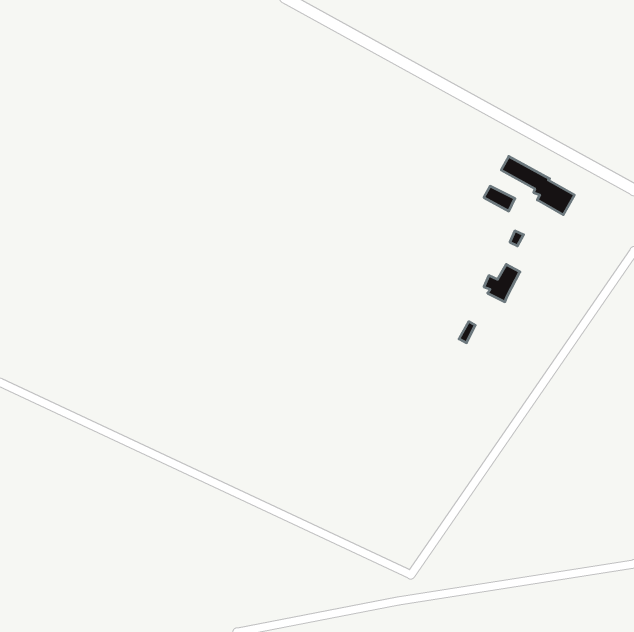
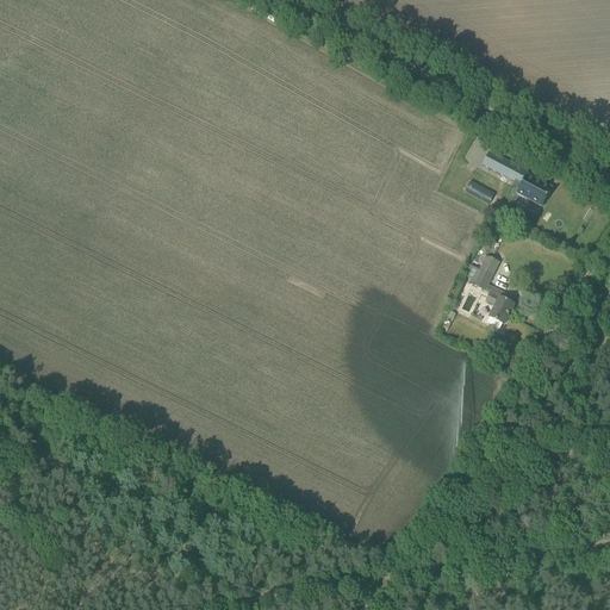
building: none -> [484,284,513,329]

